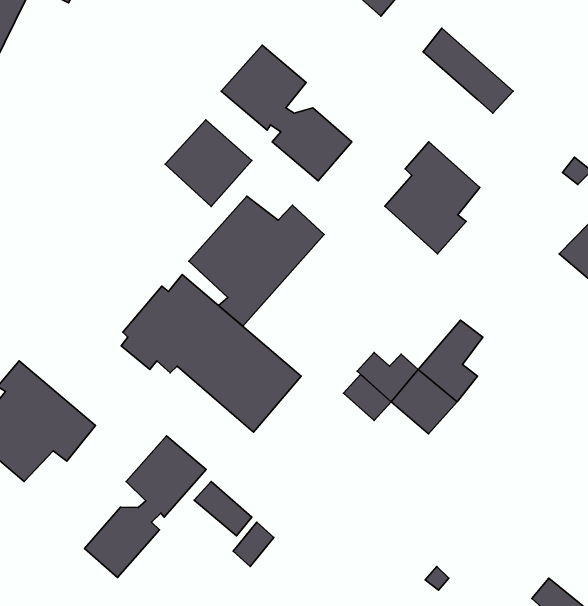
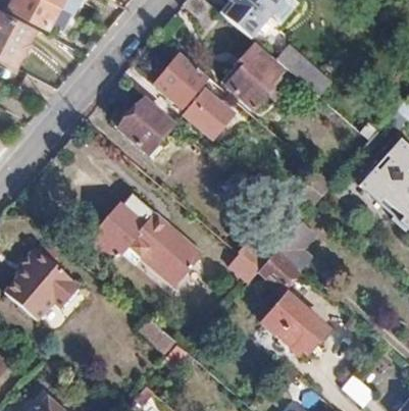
building: [385,142,480,254] -> [222,43,279,110]
building: [189,196,324,326] -> none
building: [85,436,206,577] -> none
building: none -> [261,295,325,352]

